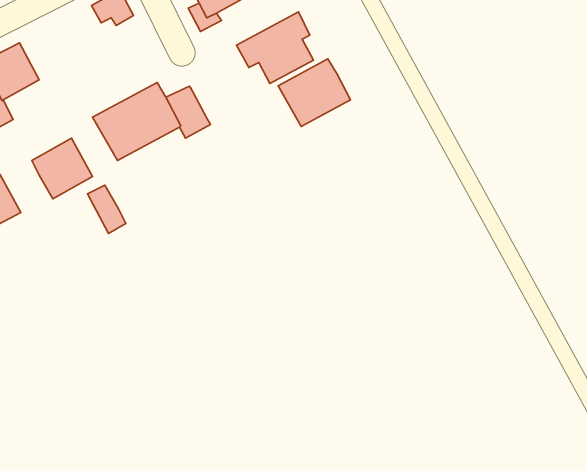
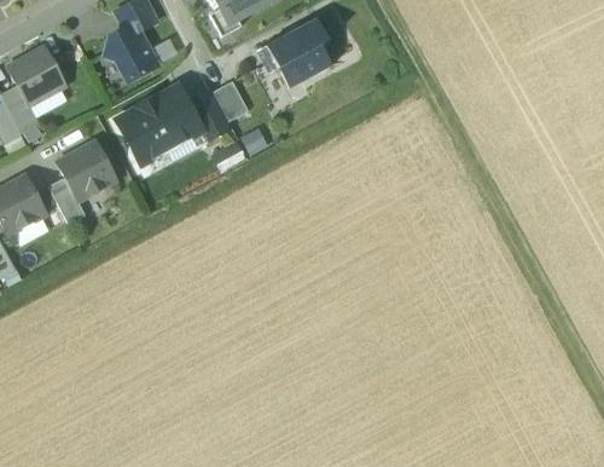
building: none -> [104,23,157,80]
building: [278,59,351,127] -> none
building: none -> [211,80,248,121]
building: [87,185,126,233] -> [47,177,85,224]

